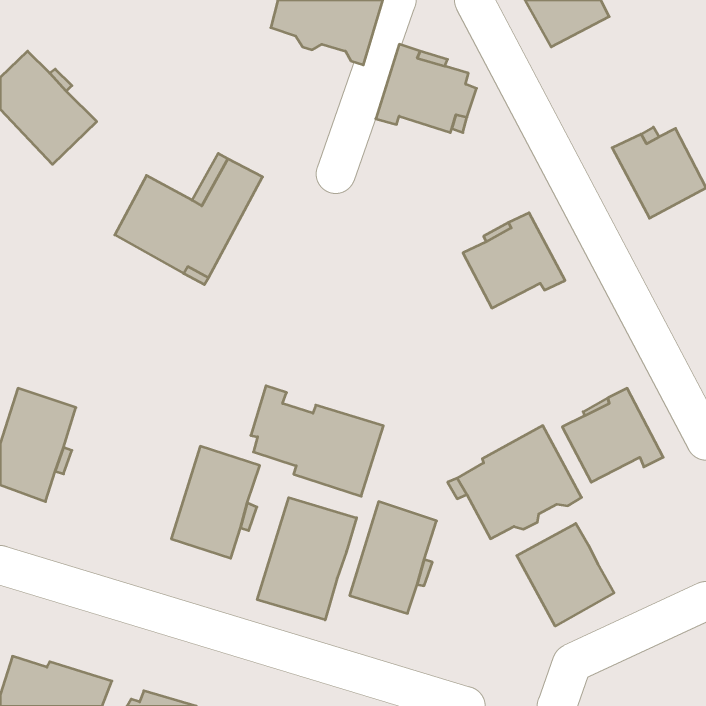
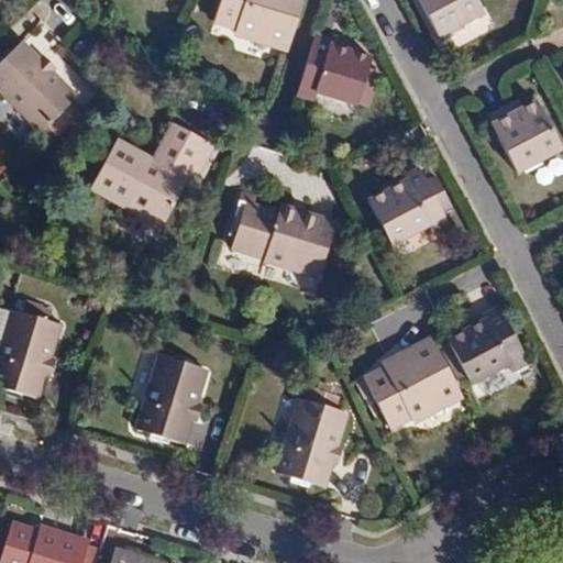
building: [251,386,383,496] -> [231,190,336,278]
building: [257,498,357,620] -> none
building: [517,523,614,626] -> none

